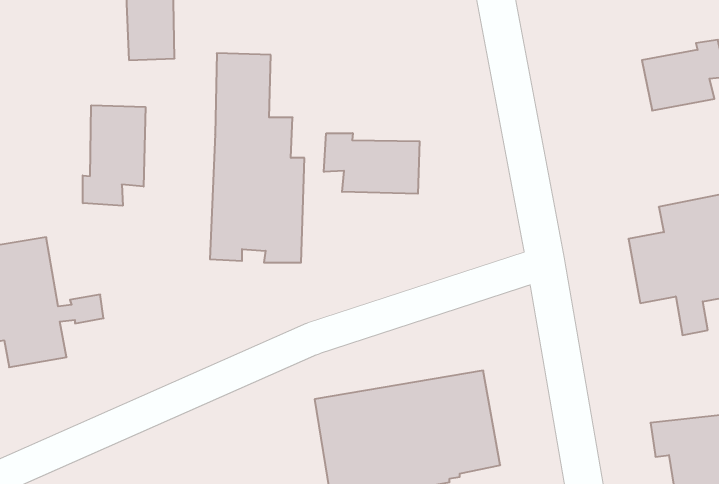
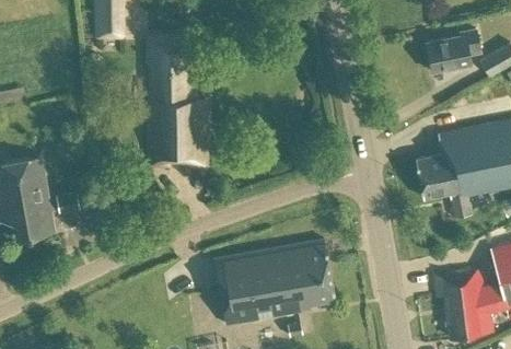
building: [83,105,145,206] -> none
building: [324,133,420,194] -> none

